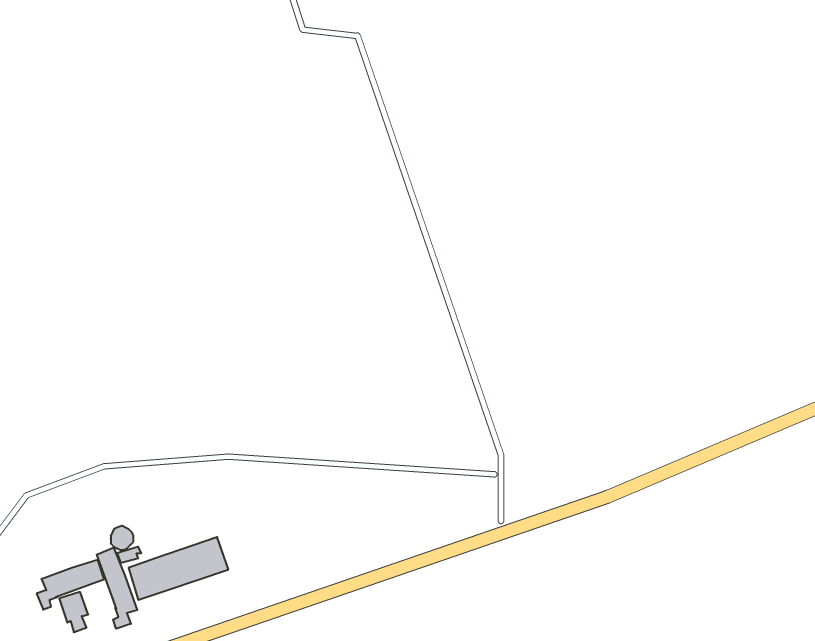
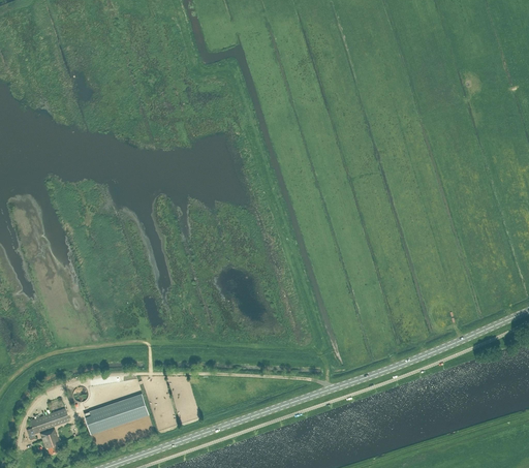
building: [97,547,137,629] -> none

